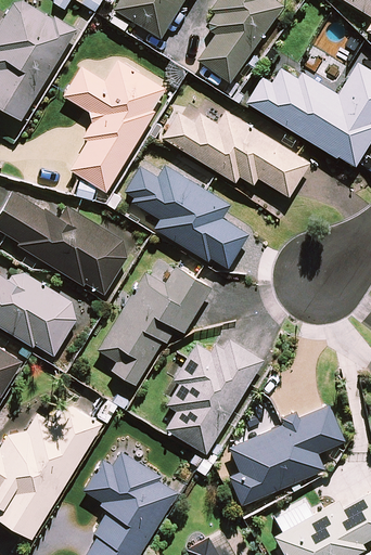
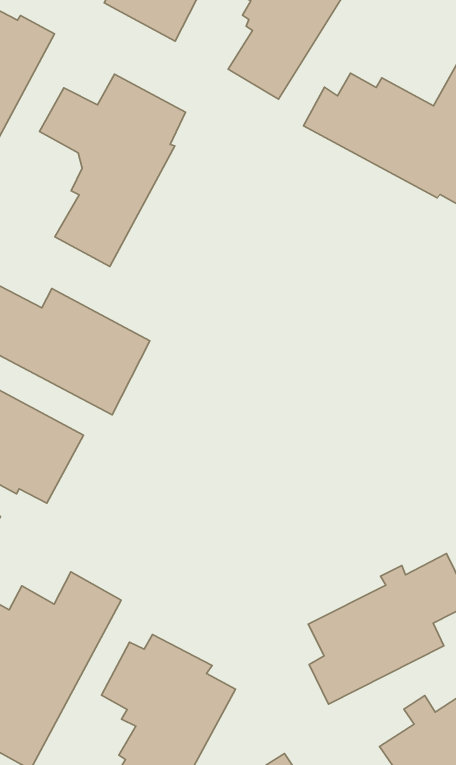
building: [162,112,310,197] -> none
building: [124,165,248,269] -> none
building: [97,266,212,385] -> none
building: [165,339,264,454] -> none

